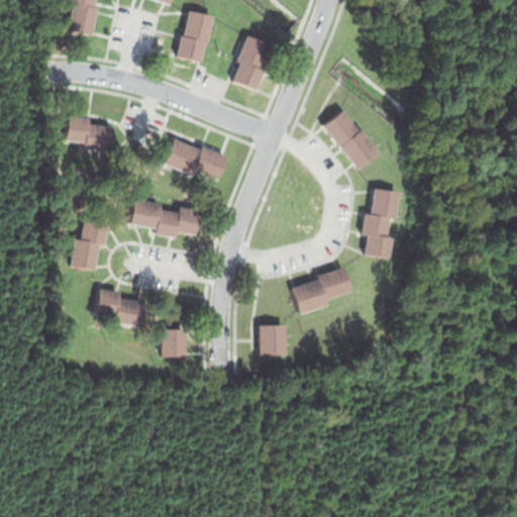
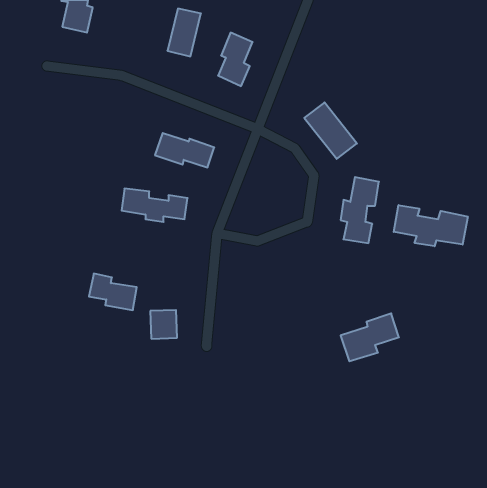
building: [66,116,116,150] -> none
building: [73,214,111,269] -> none
building: none -> [394,205,468,246]
building: [290,265,351,315] -> [341,313,399,361]
building: [258,326,287,354] -> none

